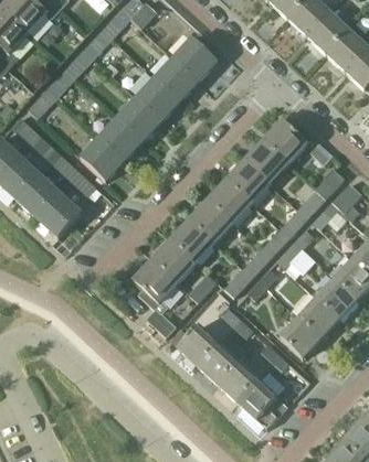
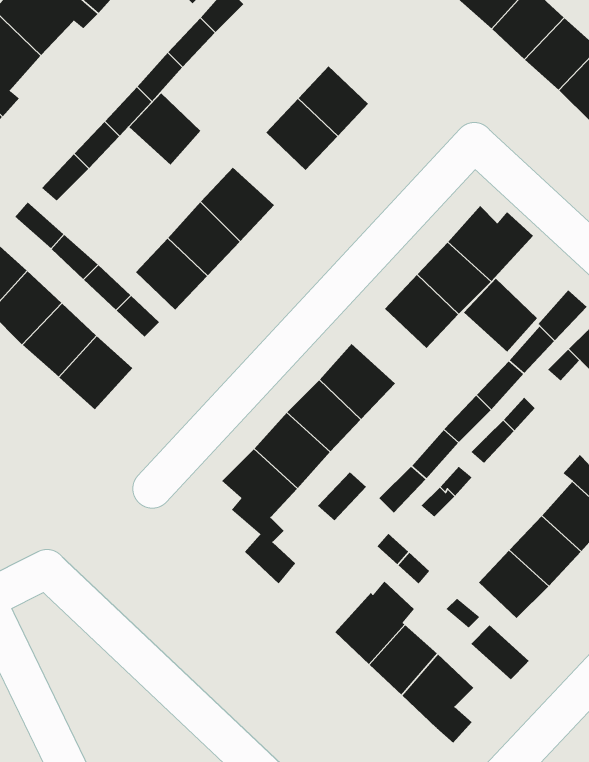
building: [138,78,180,120] -> [128,93,201,165]
building: [207,180,250,223] -> [463,278,538,353]
building: [177,325,218,366] -> none

